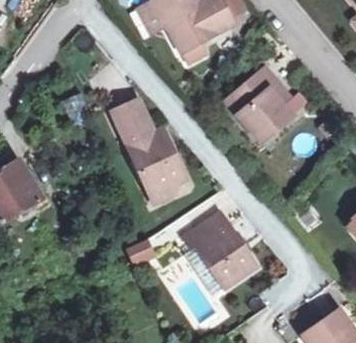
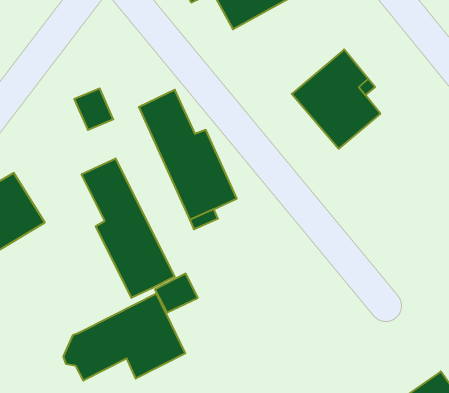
building: none -> [82,158,175,298]
building: [182,210,256,289] -> none
building: none -> [63,293,185,381]

